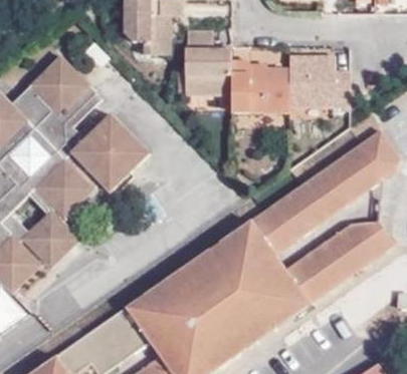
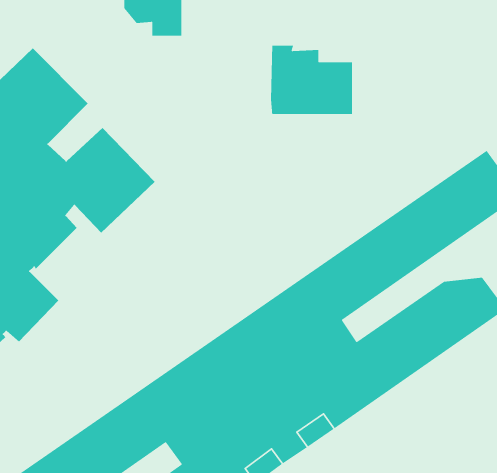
building: [185,26,230,94] -> none
building: [288,53,349,104] -> none

